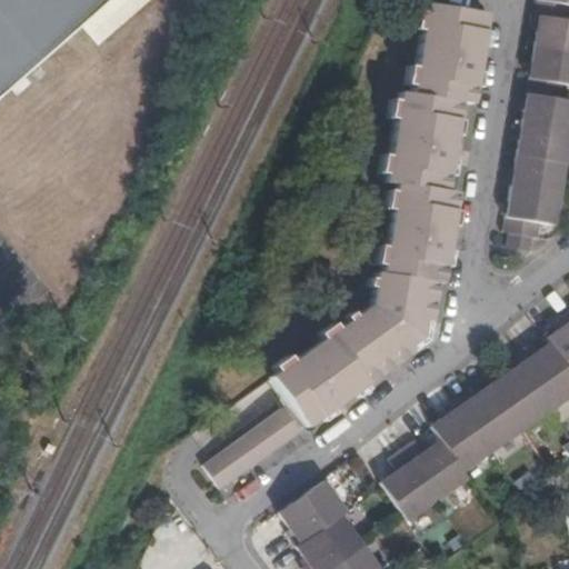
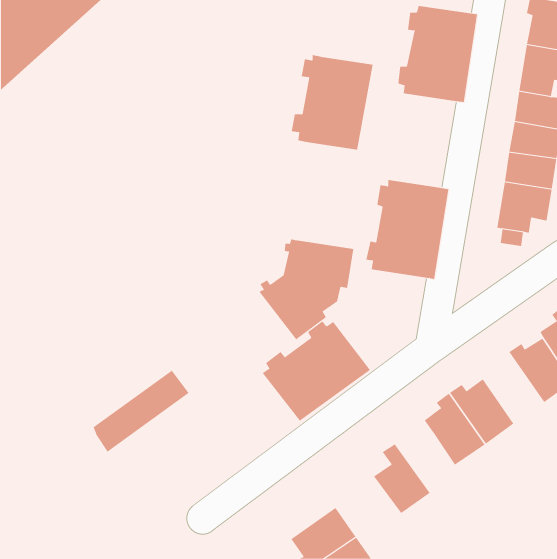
building: [380,92,463,189] -> [291,55,373,150]
building: [342,271,439,373] -> [259,239,354,340]
building: [493,356,555,428] -> none
building: [203,408,301,491] -> [93,370,190,452]
building: [405,439,470,498] -> none
building: [281,479,349,545] -> none

